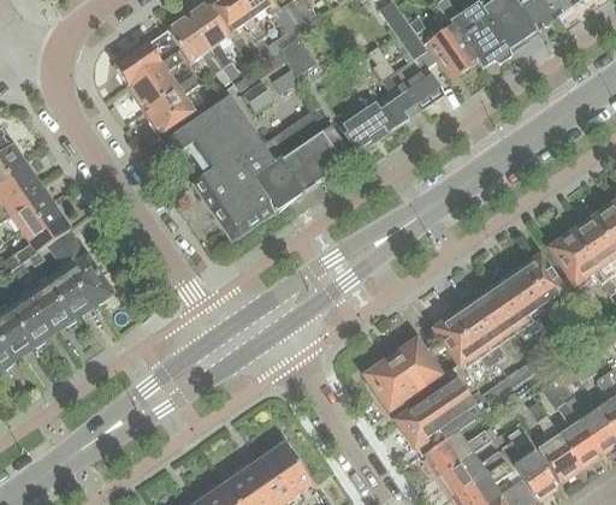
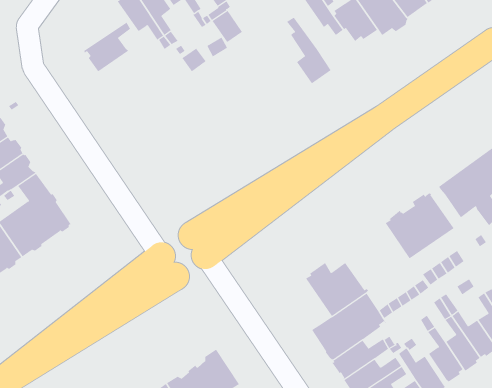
building: [116,32,177,85] -> none
building: [395,50,440,108] -> none
building: [142,72,200,133] -> none
building: [164,95,351,236] -> none
building: [338,99,397,153] -> none
building: [431,291,514,370] -> none
building: [365,357,421,410] -> none

